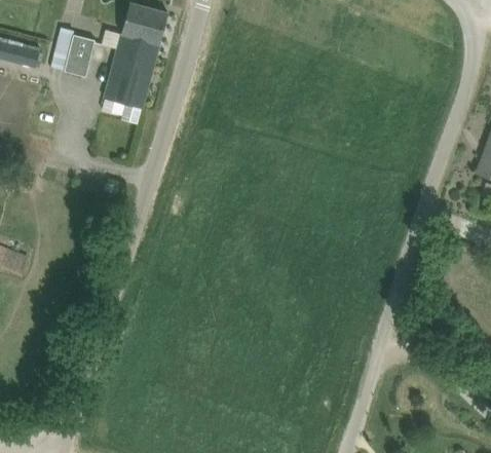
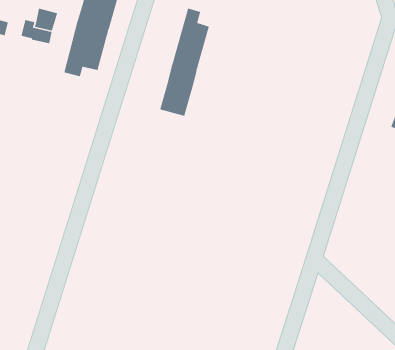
building: none -> [159,8,210,117]

